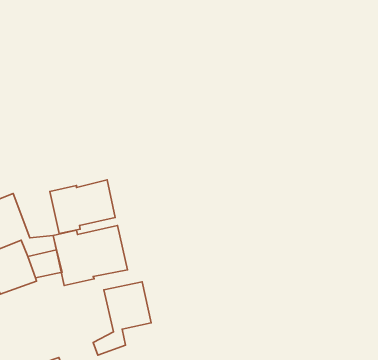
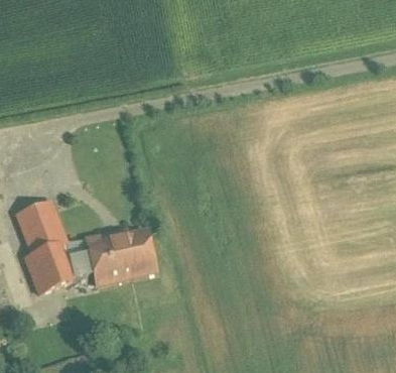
building: [50,180,115,234] -> none
building: [93,282,151,355] -> none

